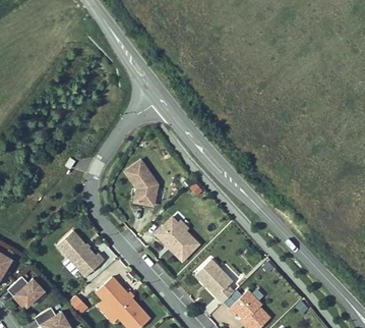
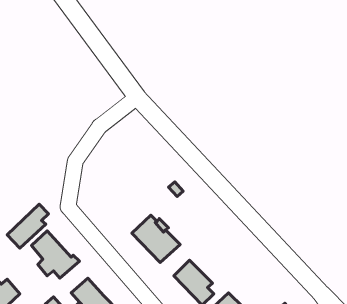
building: [124,160,158,206] -> none
building: none -> [7,204,48,248]

